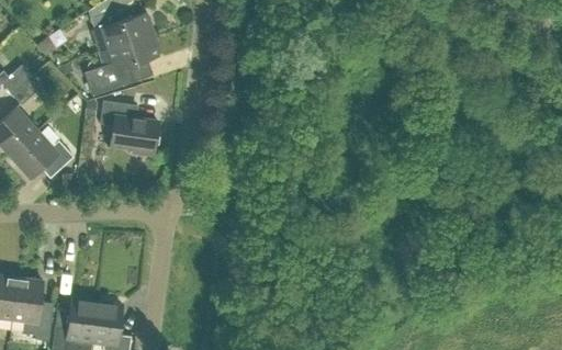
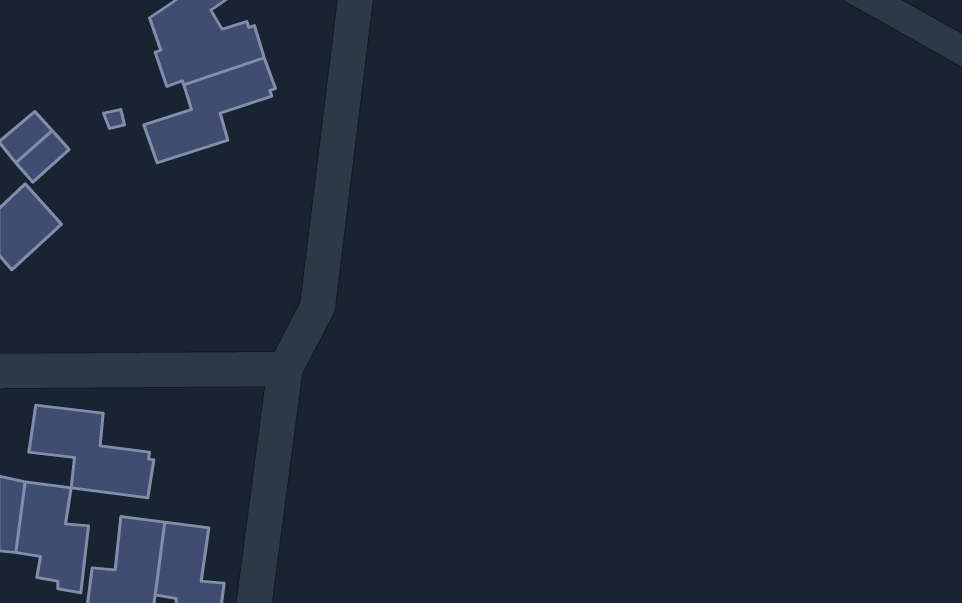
building: [99,100,157,151] -> none
building: [8,129,72,179] -> none
building: none -> [29,405,154,498]

